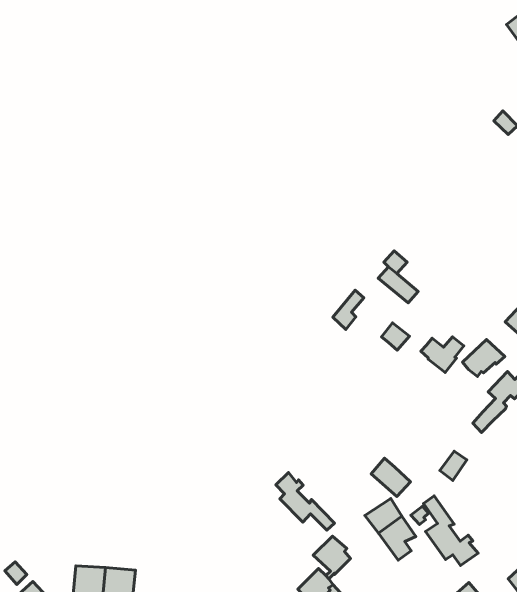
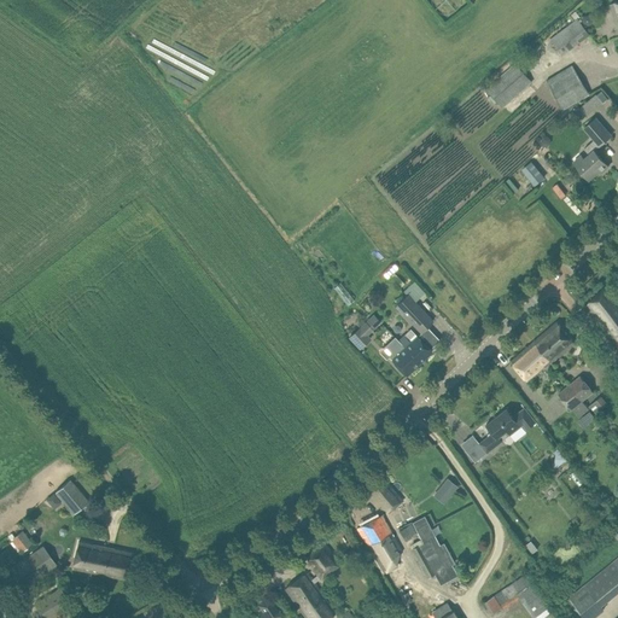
building: none -> [485,62,532,107]
building: [421,337,464,372] -> [398,330,439,363]
building: [462,339,505,377] -> none
building: [276,473,334,530] -> none
building: none -> [56,479,88,514]

